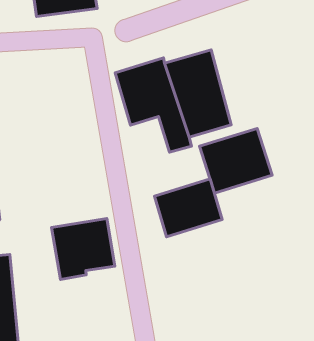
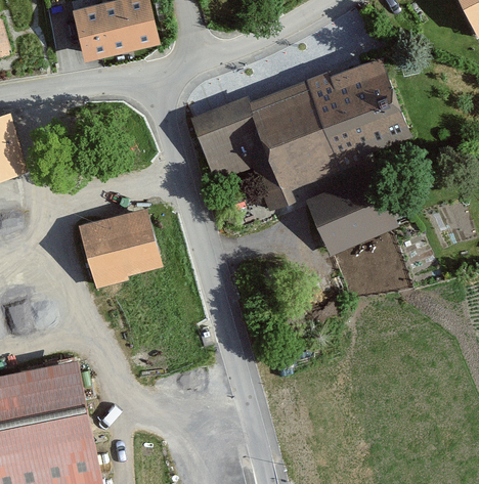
building: none -> [306,55,411,171]
building: [154,179,222,237] -> none
building: [52,218,115,279] -> [78,209,162,291]

